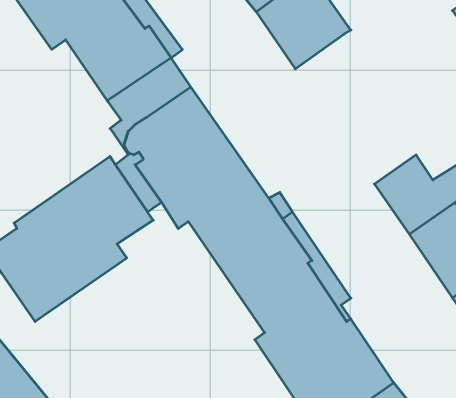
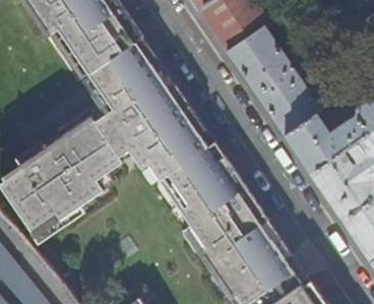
building: none -> [228,27,321,137]

